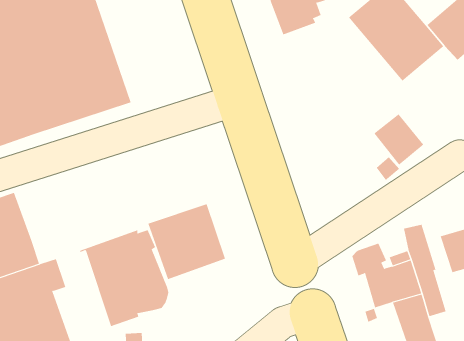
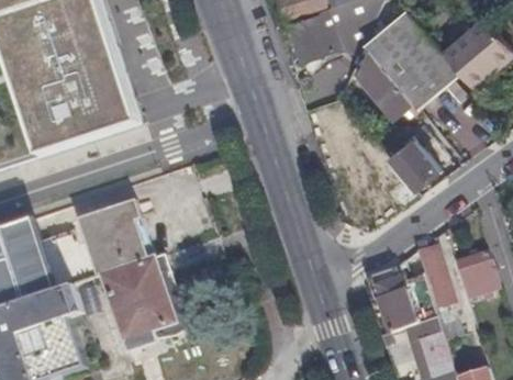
building: none -> [353,47,414,118]
building: [148,204,226,280] -> [74,198,152,273]

